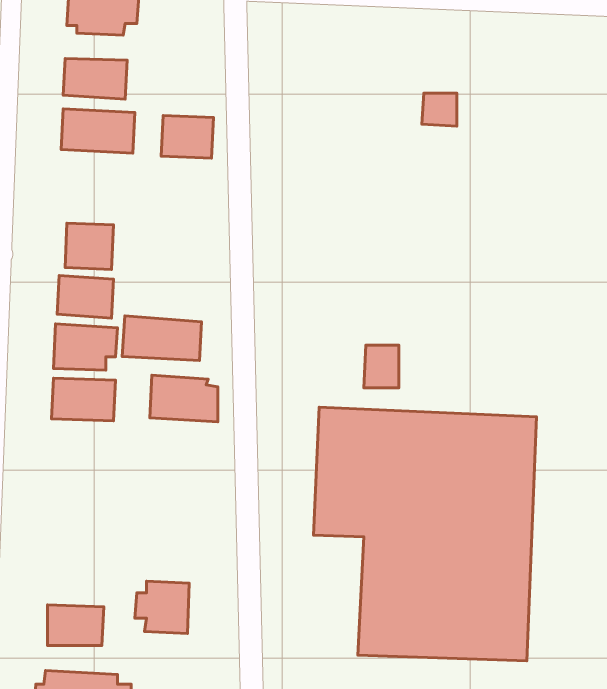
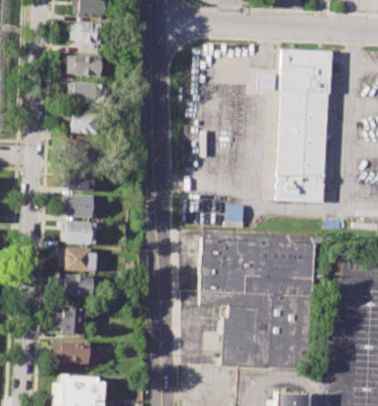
building: none -> [275,49,330,203]
building: [161,116,213,158] -> [71,112,98,134]
building: [122,316,202,360] -> none
building: [150,375,218,422] -> [60,247,95,272]
building: none -> [62,275,92,297]
building: [135,581,189,634] -> [56,307,84,334]

